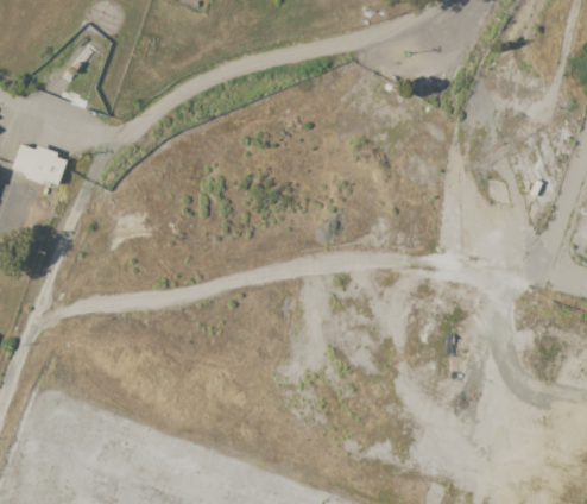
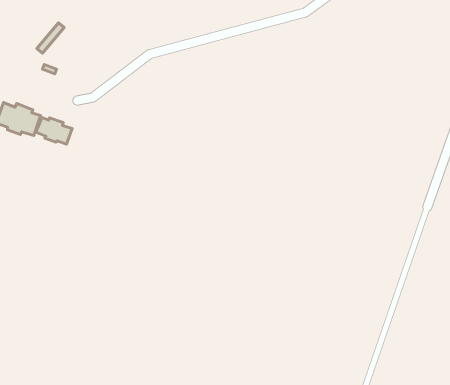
building: none -> [36,117,72,144]

